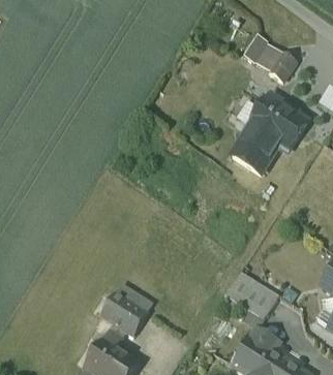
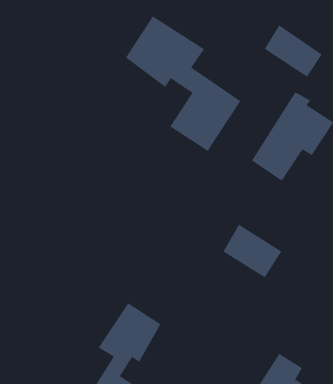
building: none -> [125,15,241,152]
building: [224,269,278,317] -> [222,224,282,278]

